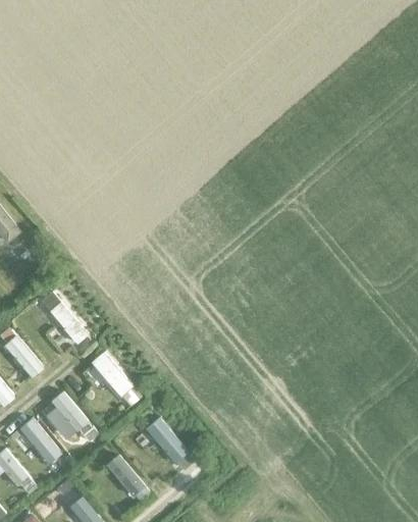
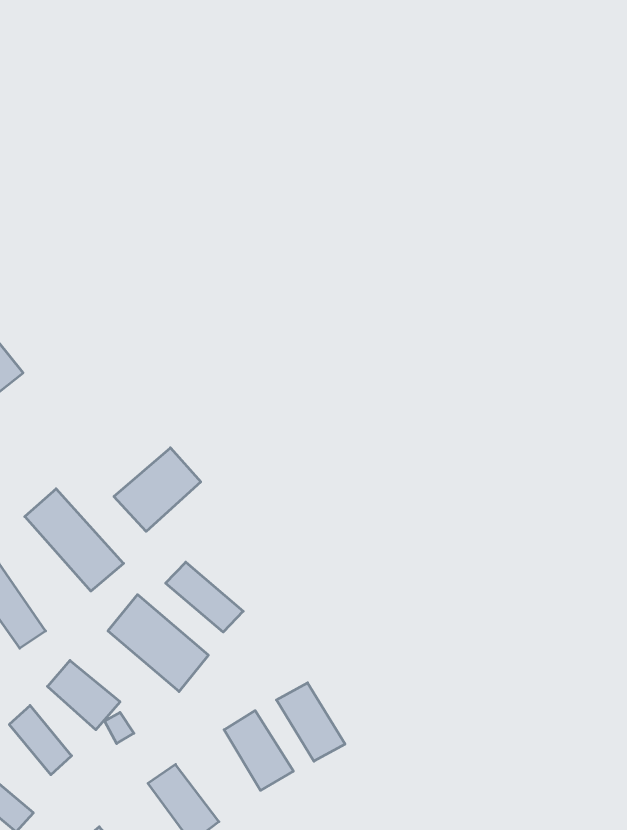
building: none -> [114,448,201,531]
building: none -> [166,562,243,632]
building: none -> [276,683,345,761]

